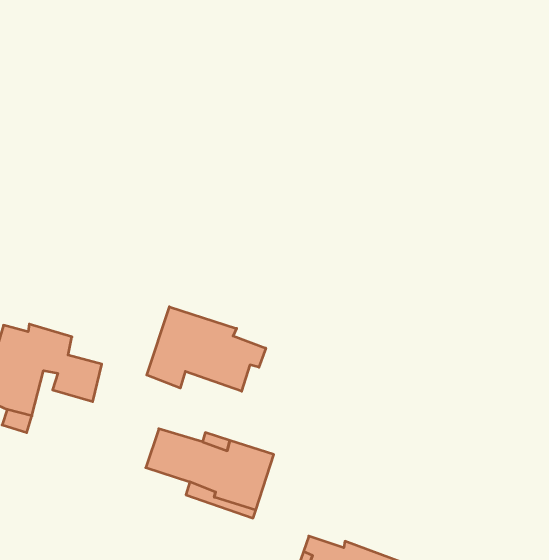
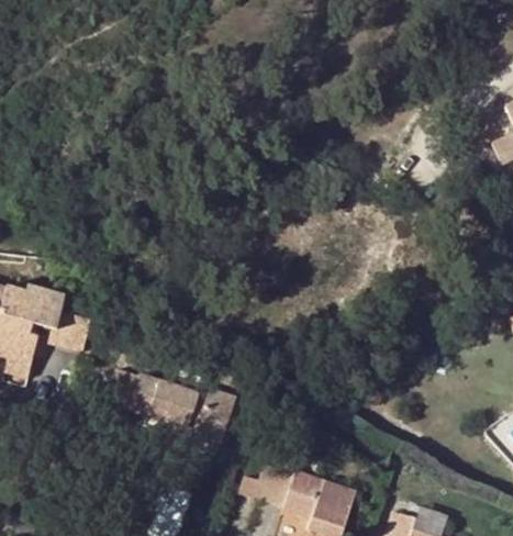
building: [147,307,266,391] -> none

